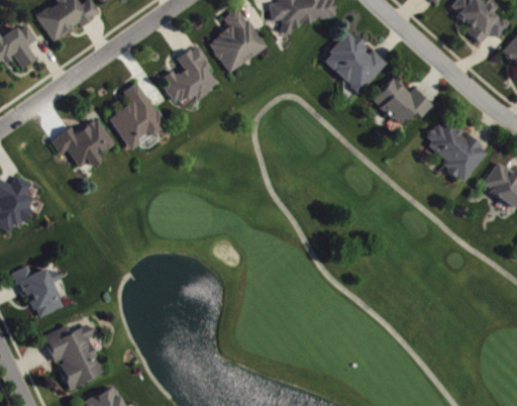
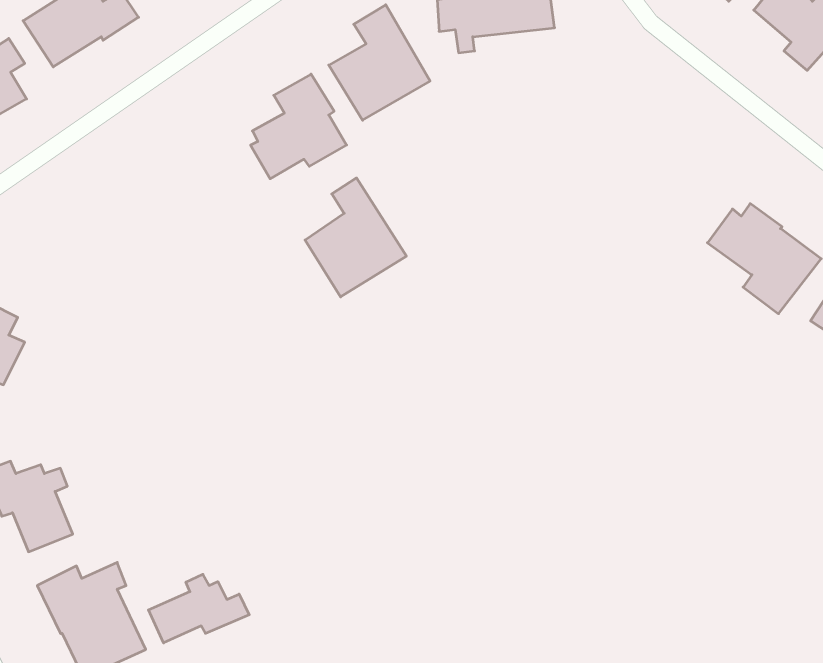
building: [323,31,387,93] -> none
building: [373,77,432,125] -> none
building: [108,82,166,149] -> [305,178,406,297]
building: [49,117,114,168] -> none
building: none -> [148,574,249,643]

